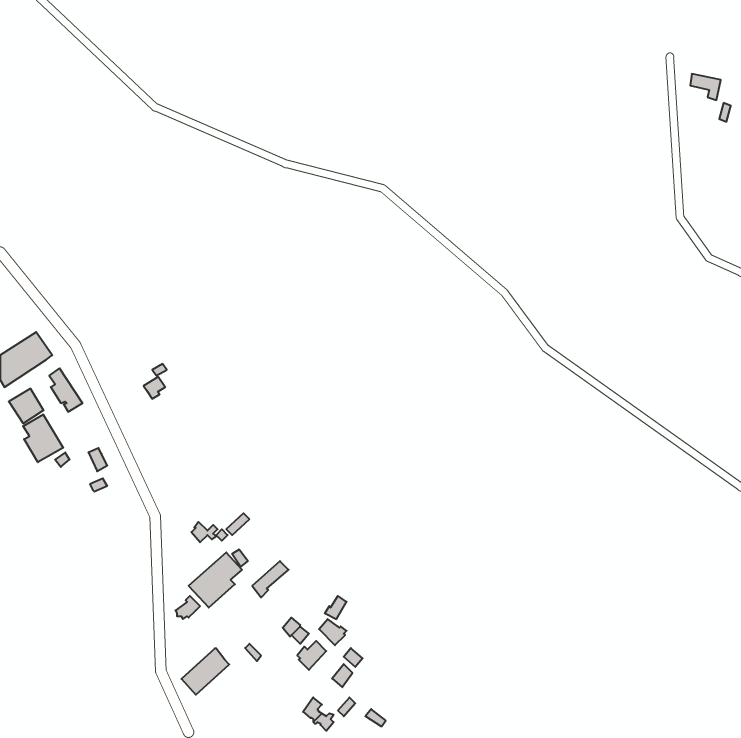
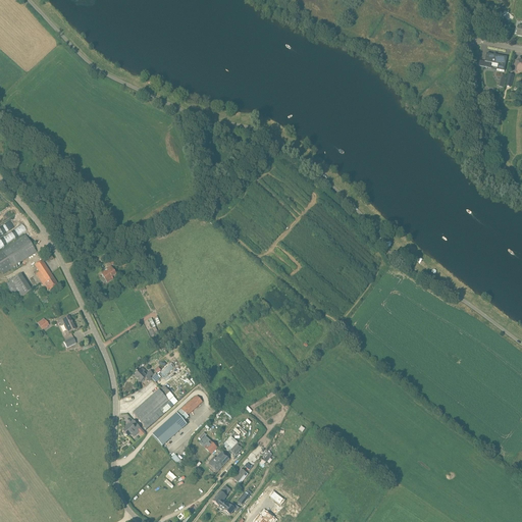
building: [23,414,63,462] -> none
building: [181,648,229,695] -> [153,412,187,445]

